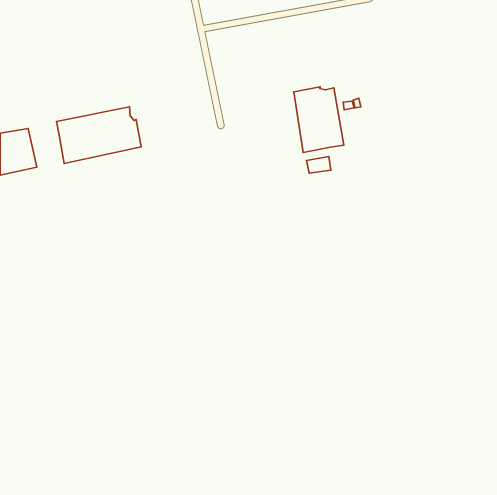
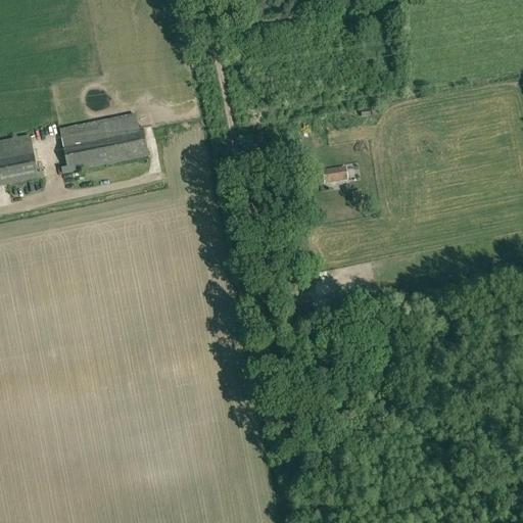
building: [294,87,344,153] -> none

